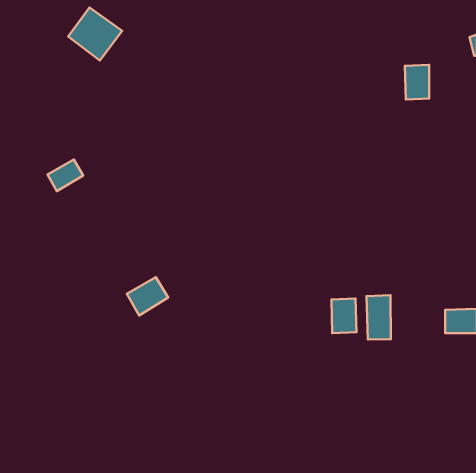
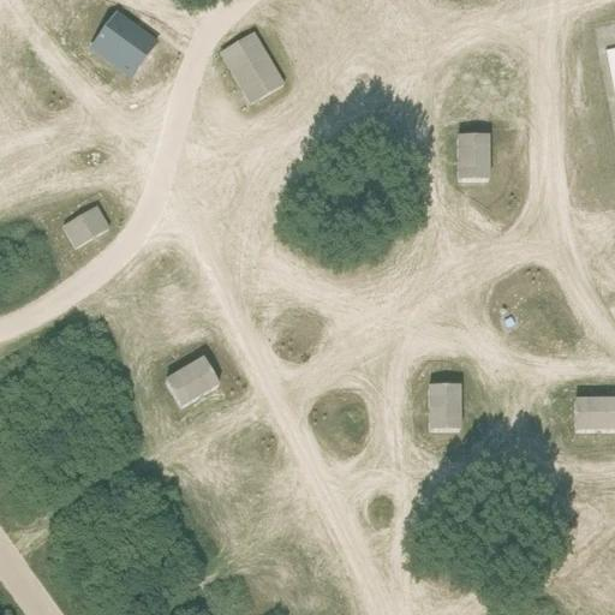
building: none -> [220,31,283,102]
building: [405,65,429,99] -> [456,135,488,179]
building: [367,295,391,340] -> none

